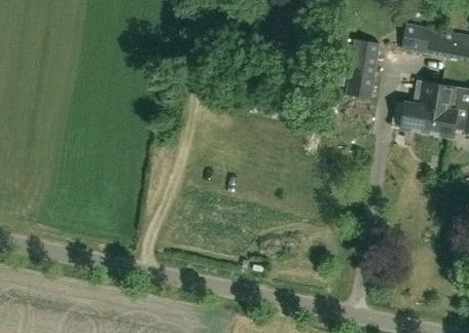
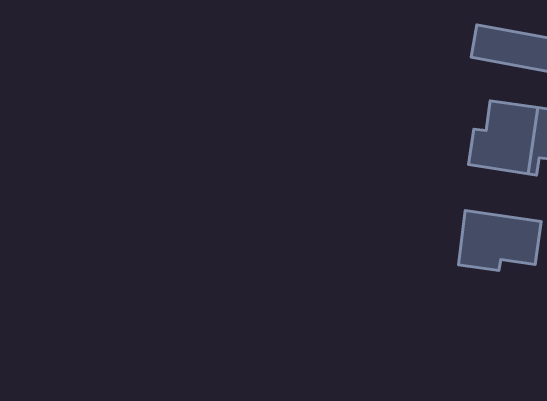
building: [346,38,381,97] -> none
building: none -> [458,211,541,270]

